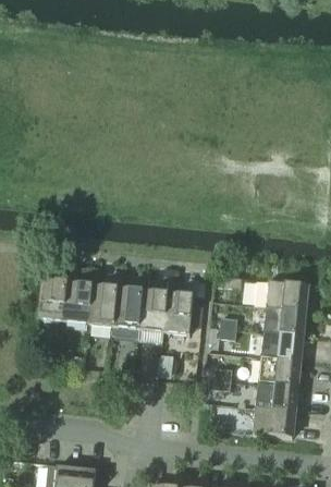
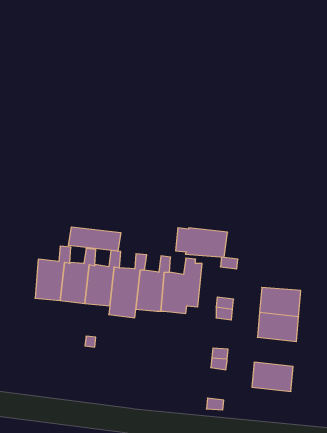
building: none -> [69,227,121,251]
building: [255,282,307,312] -> [176,228,228,257]
building: [257,358,299,388] -> none
building: [253,409,294,438] -> none

